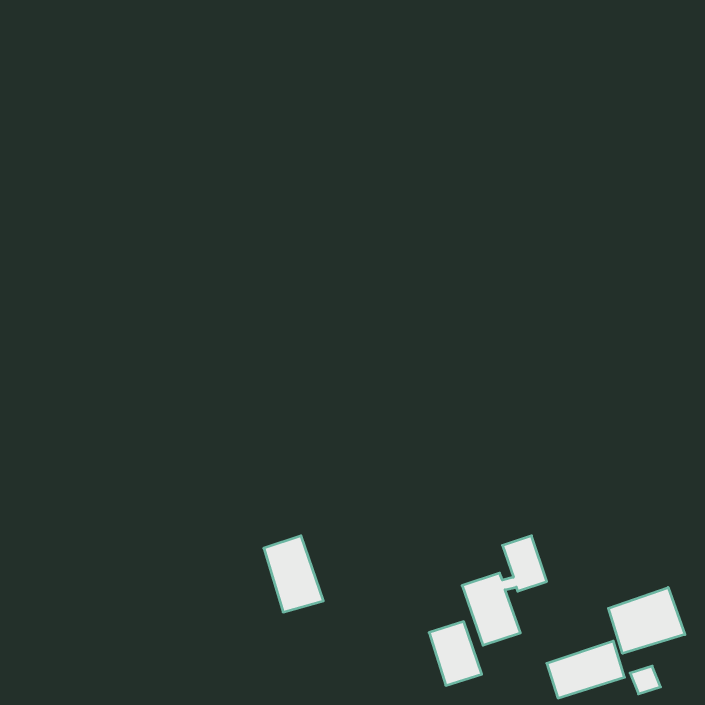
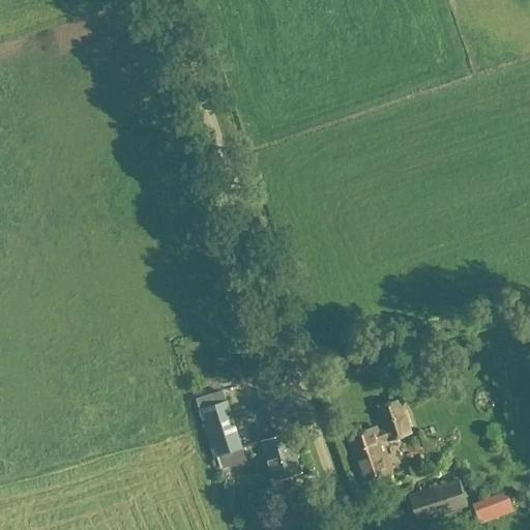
building: [608,587,685,653] -> none
building: [429,622,482,685] -> [264,433,303,480]

